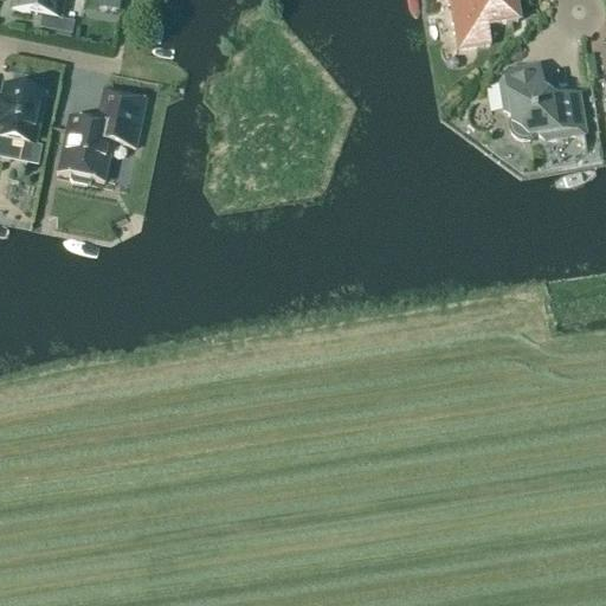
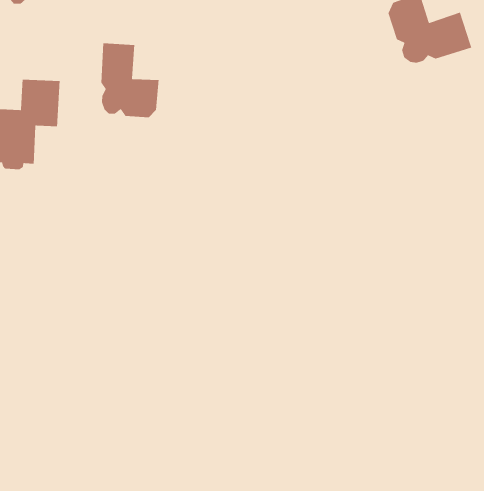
building: none -> [87,42,159,118]

